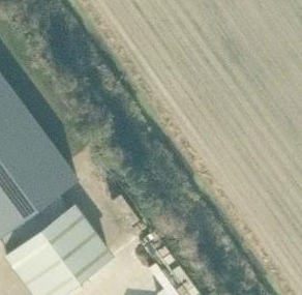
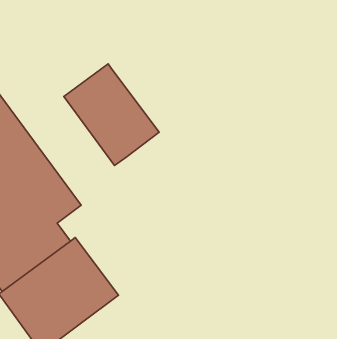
building: none -> [64,64,159,166]

